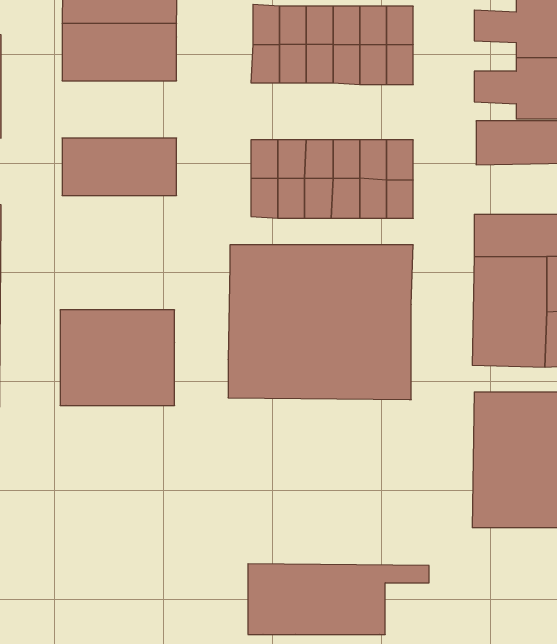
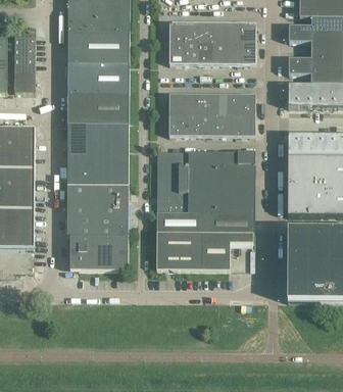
building: none -> [67,62,129,93]
building: none -> [66,124,129,185]
building: none -> [69,236,128,270]
building: [248,564,429,634] -> [156,232,253,270]

